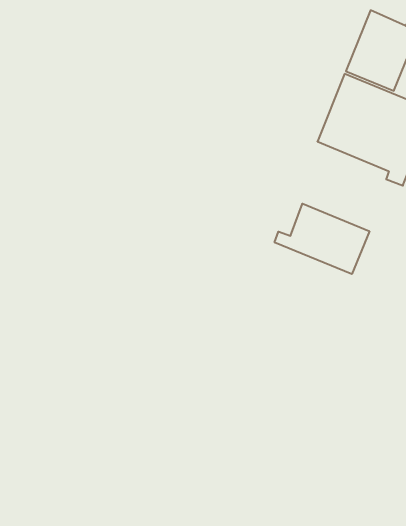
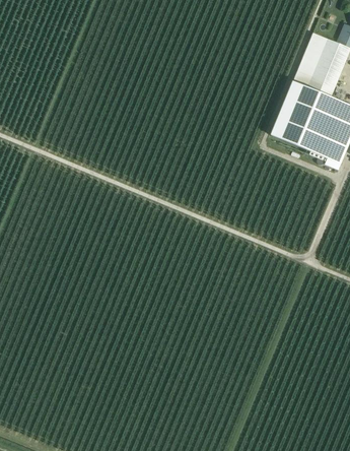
building: [275,204,369,274] -> none

